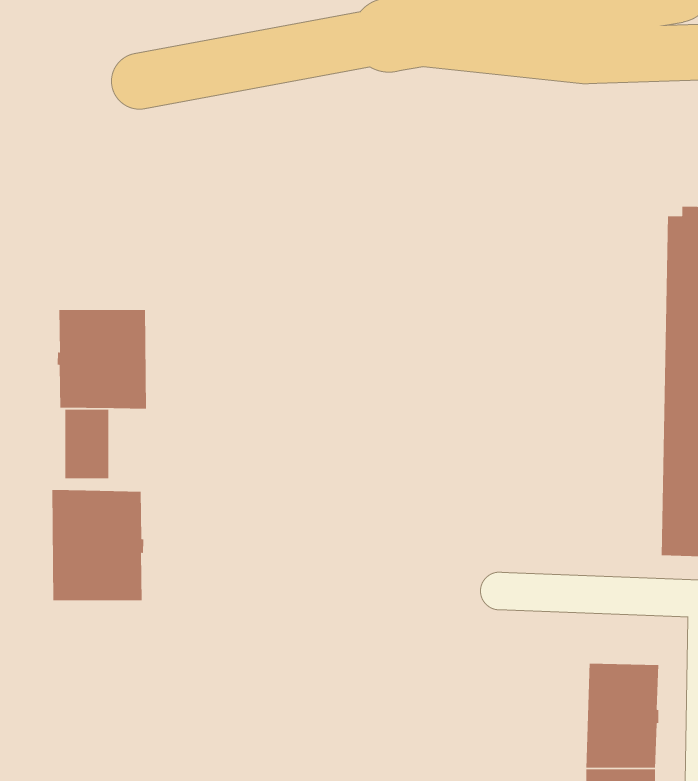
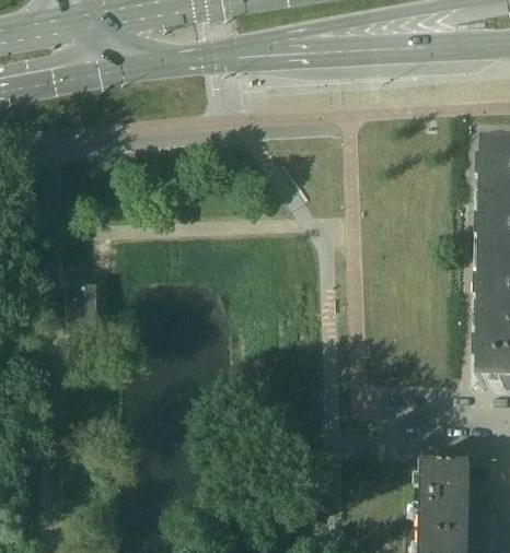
building: [57,309,147,410] -> none
building: [52,489,144,601] -> none

